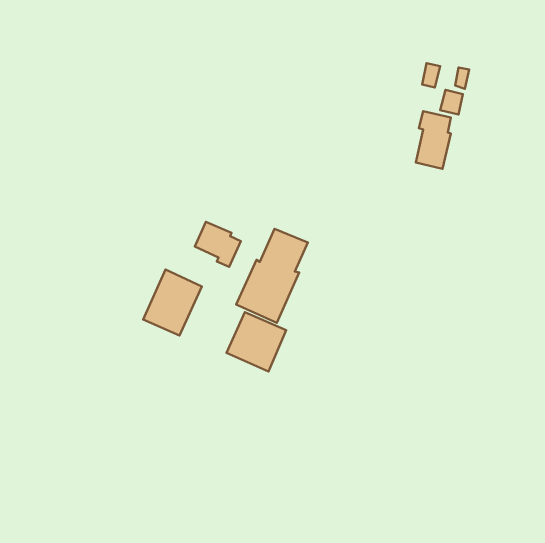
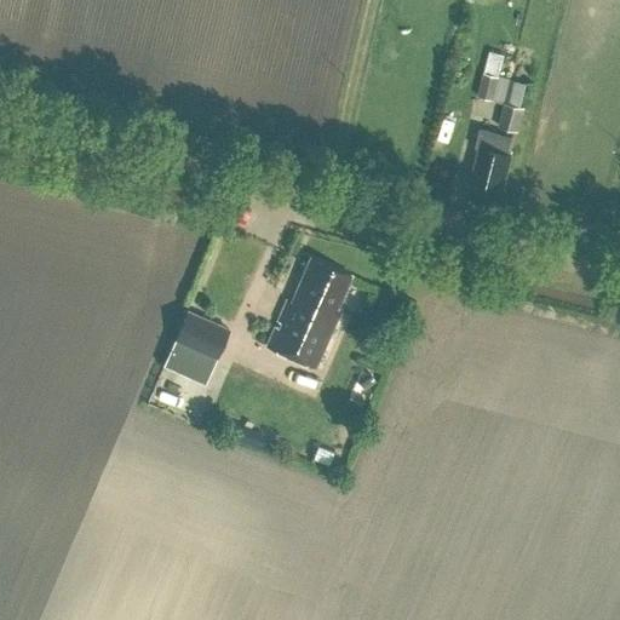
building: [195,222,241,267] -> none
building: [227,312,286,372] -> none

